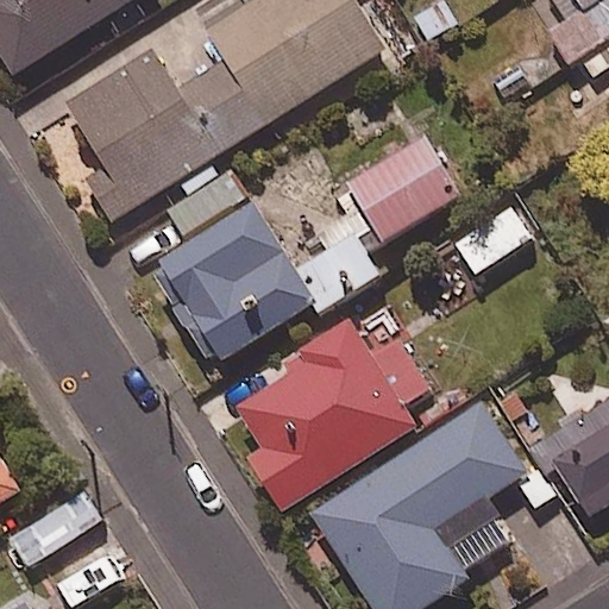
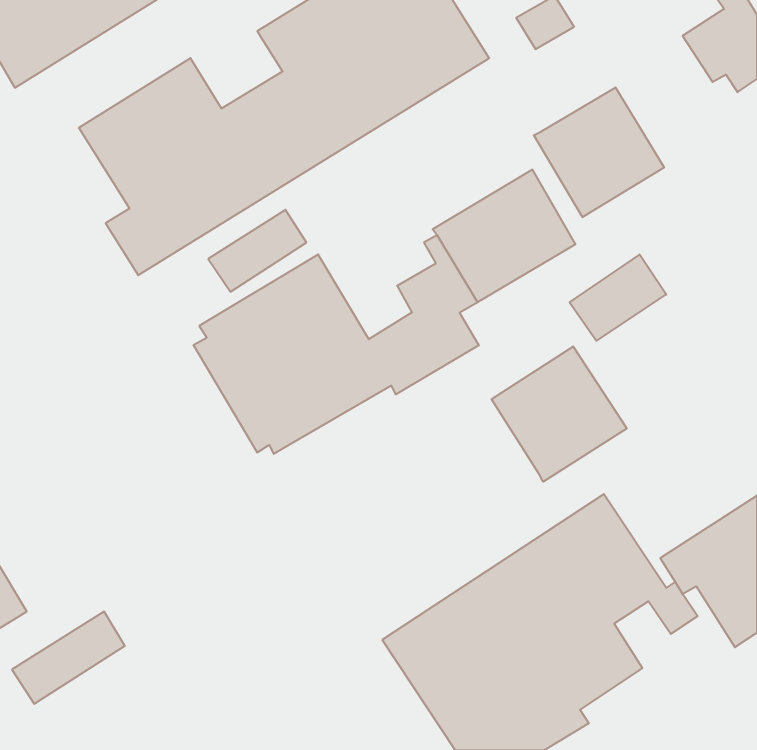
building: none -> [534,87,664,217]
building: none -> [492,346,627,482]
building: [237,321,432,517] -> none

